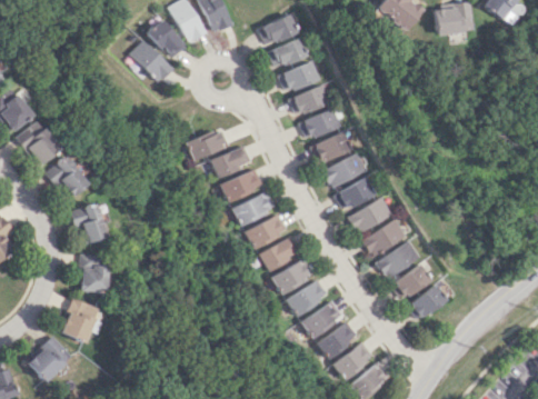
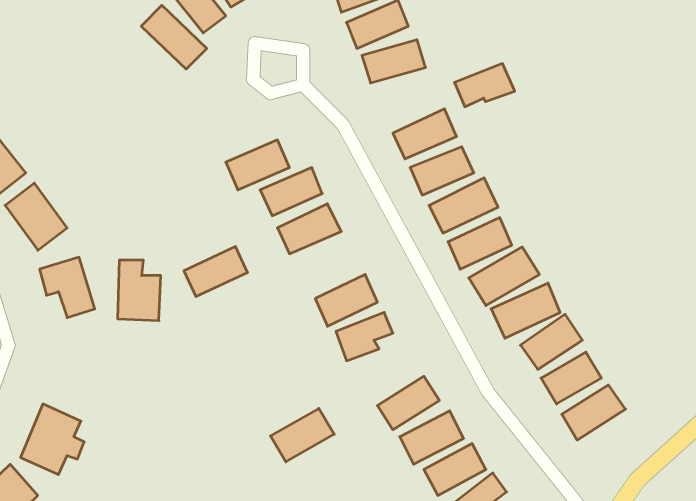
building: [288,87,327,114] -> [454,64,515,107]
building: [235,192,276,225] -> [184,247,248,297]
building: [78,253,106,292] -> [118,260,161,321]
building: [273,259,315,293] -> [270,408,334,462]

